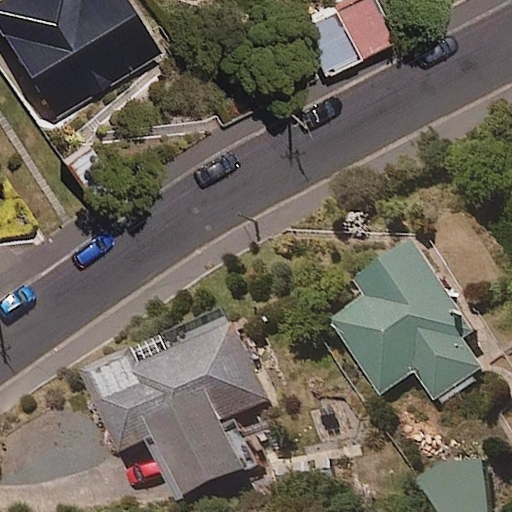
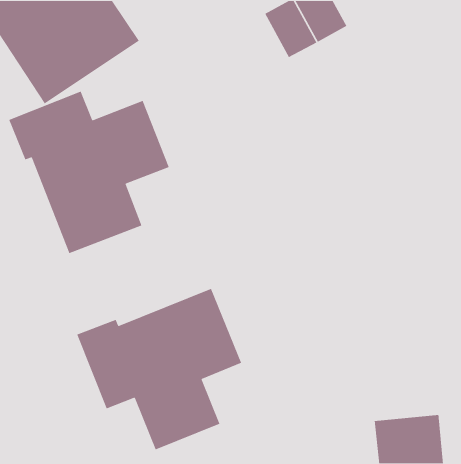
building: none -> [8,91,170,254]
building: [329,238,484,401] -> none

